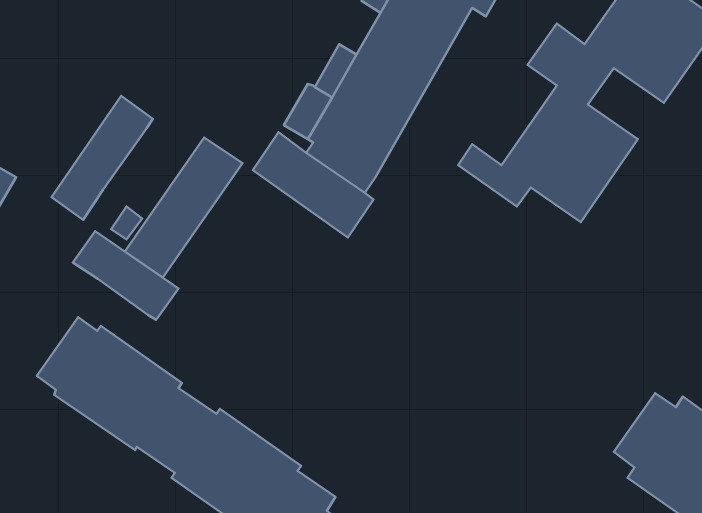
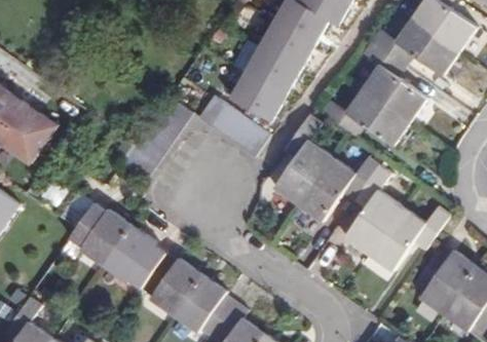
building: [51,96,153,220] -> none
building: none -> [275,115,451,271]
building: [73,231,179,320] -> none

